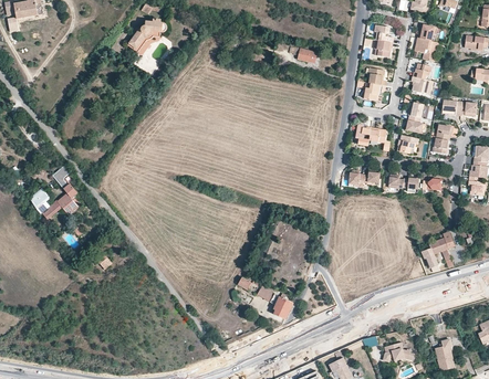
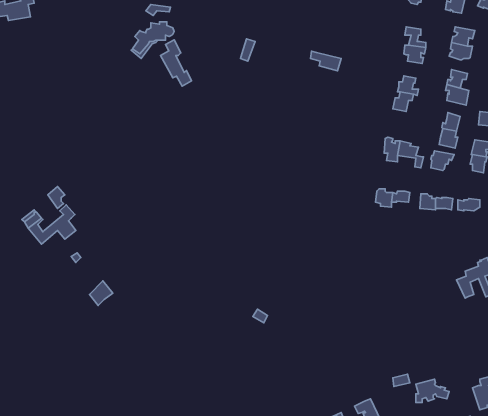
building: none -> [160,40,191,86]
building: [258,287,293,320] -> none

